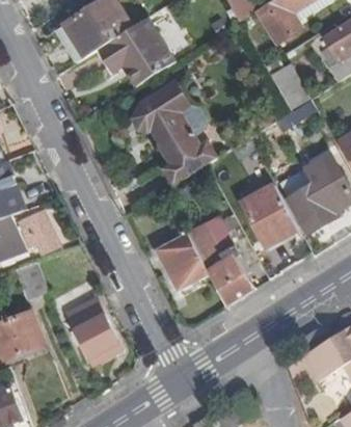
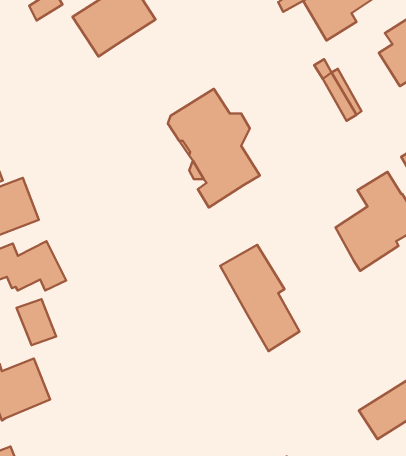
building: [100,17,178,86] -> none
building: [241,184,298,247] -> none
building: [155,234,209,292] -> none
building: [66,299,117,364] -> none

